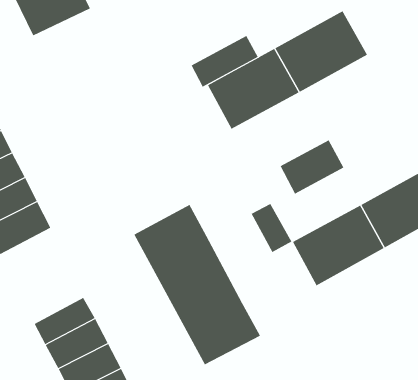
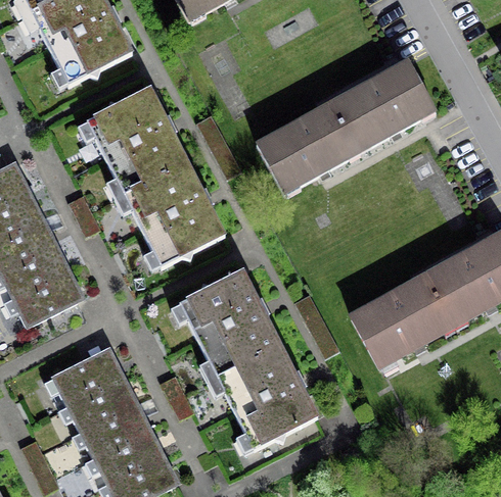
building: [191,35,258,87] -> none
building: none -> [87,88,225,267]
building: [280,139,344,194] -> none
building: [251,203,292,253] -> none
building: none -> [52,351,121,404]

